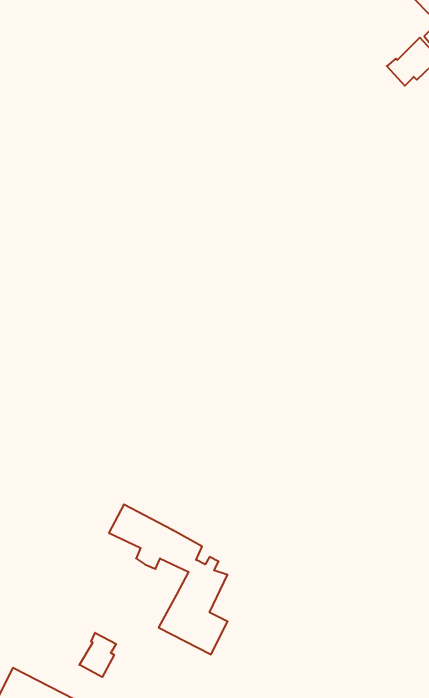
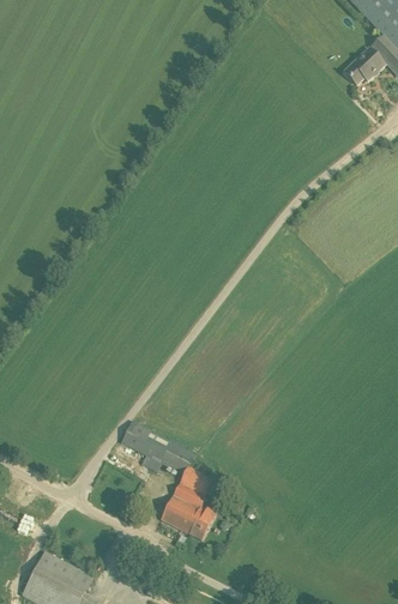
building: [79,633,116,677] -> none

